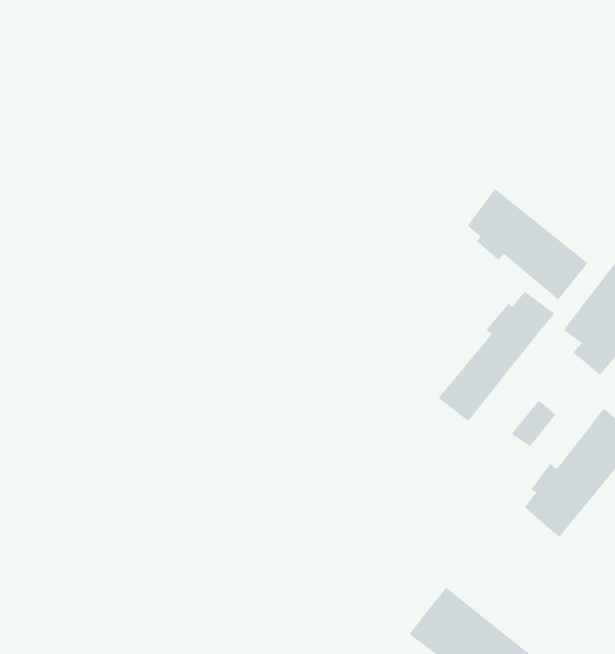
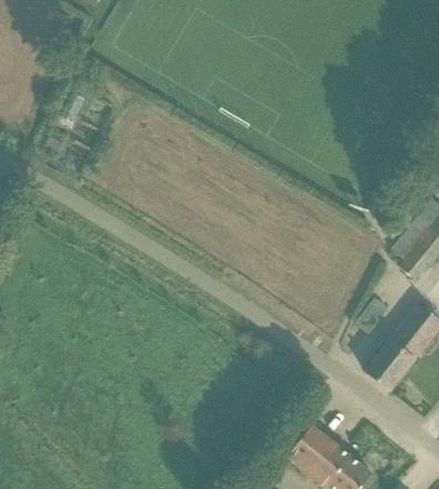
building: [467,188,588,300] -> none
building: [438,291,555,422] -> none

